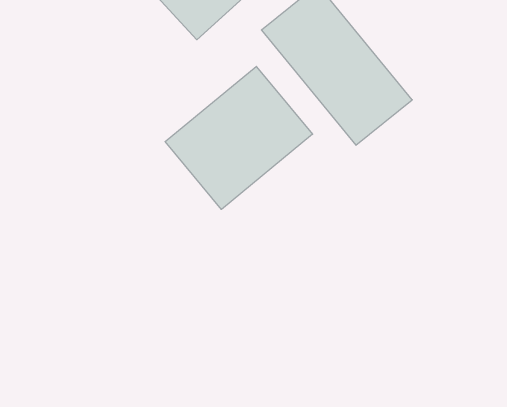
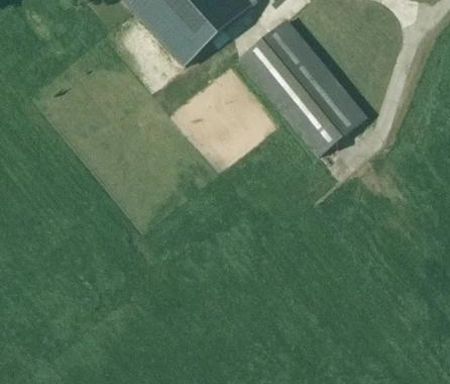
building: [165,66,313,209] -> none

